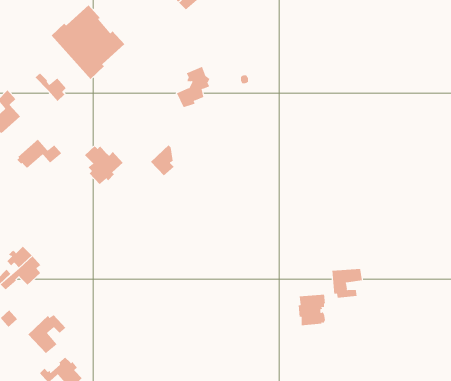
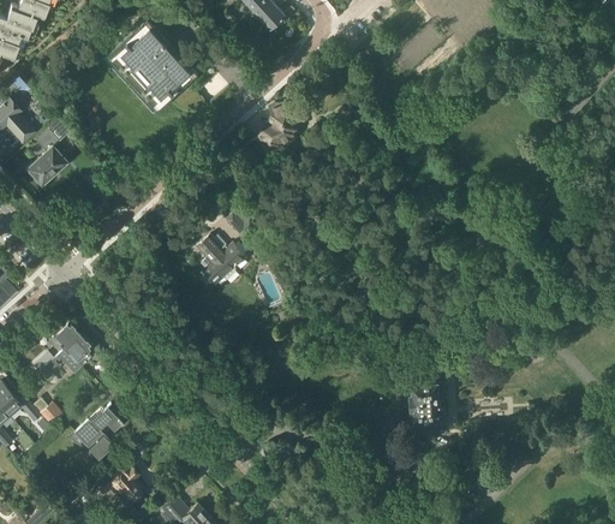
building: [35,73,67,102] -> none
building: [16,139,62,169] -> none
building: [84,145,124,185] -> [196,236,245,285]
building: [332,268,362,298] -> none

